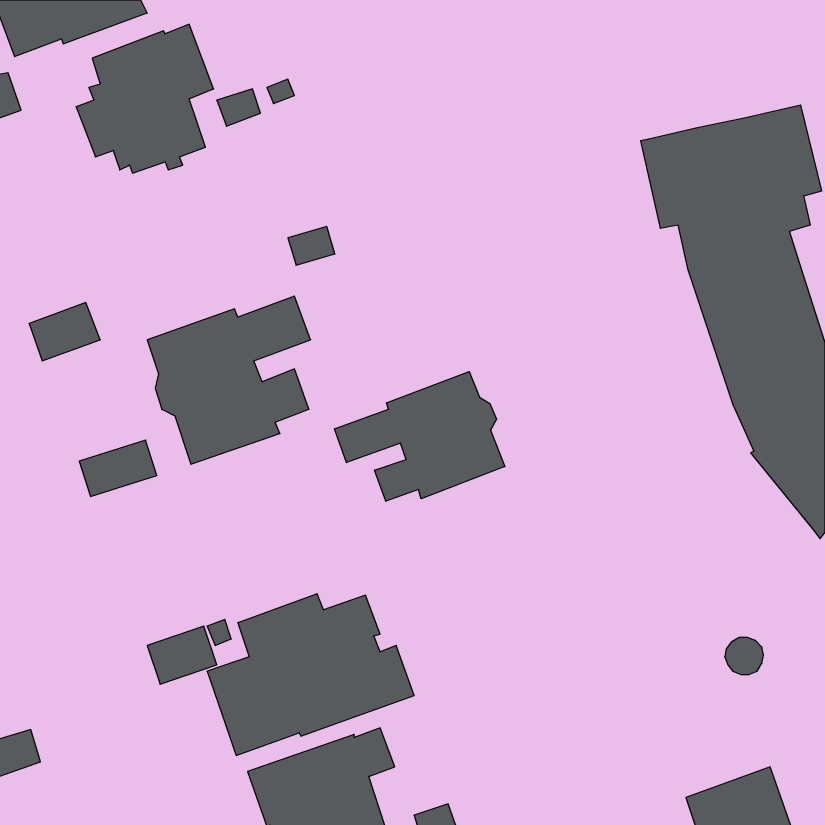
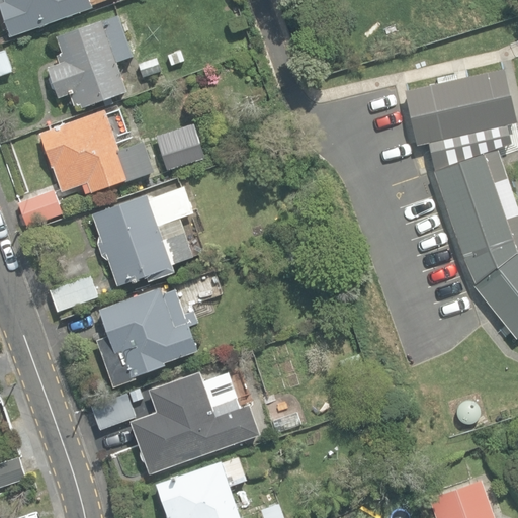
building: none -> [40,111,156,194]
building: [335,372,505,501] -> none
building: none -> [96,286,198,387]

